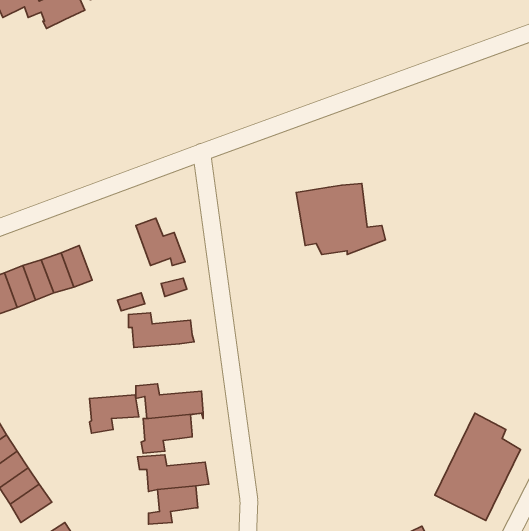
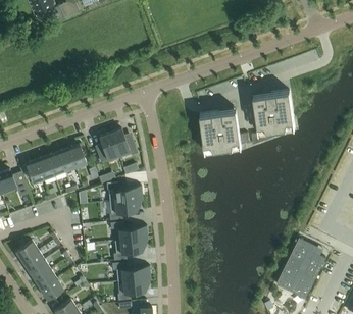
building: none -> [252,92,294,145]
building: none -> [96,134,118,163]
building: [90,395,139,433] -> [109,200,137,221]

